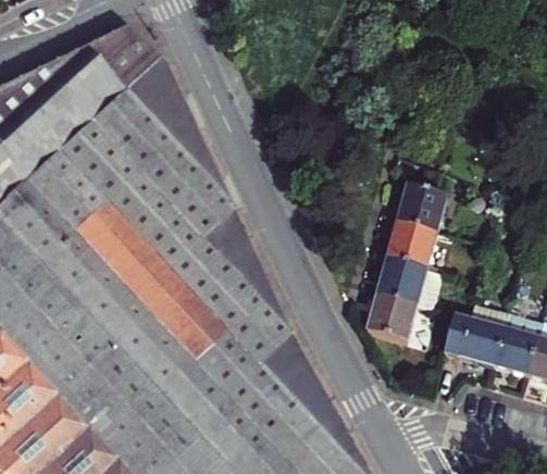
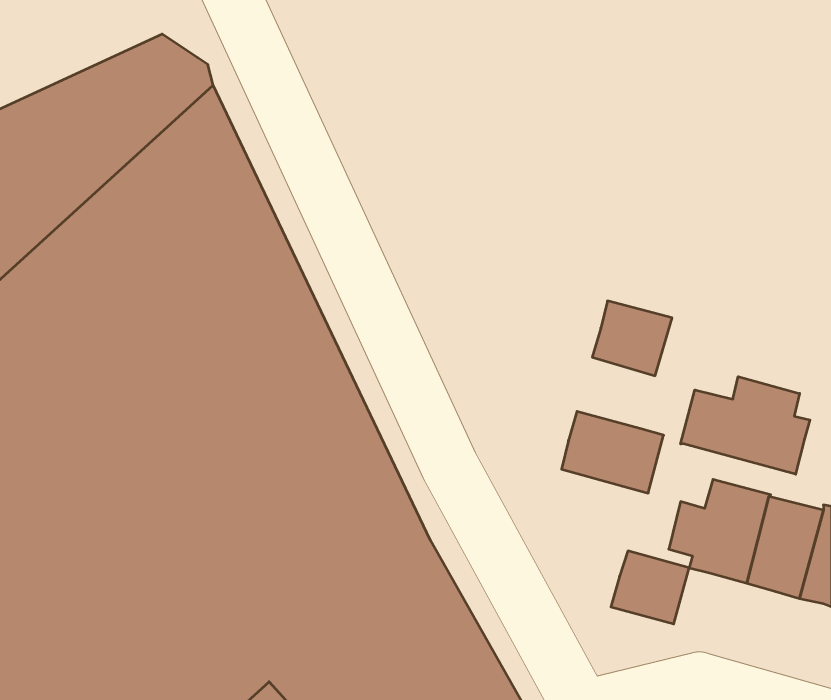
building: [384,229,434,275] -> none
building: none -> [681,377,810,474]
building: [363,301,413,348] -> [611,551,689,624]

